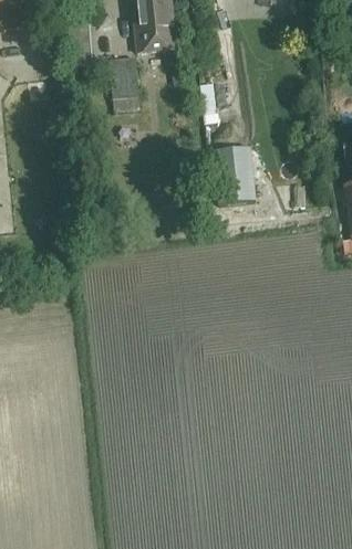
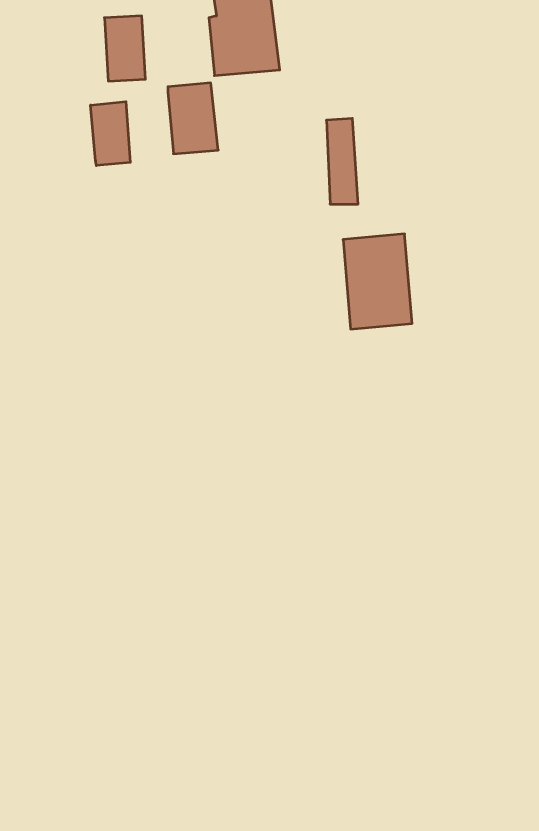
building: none -> [91,102,130,166]

